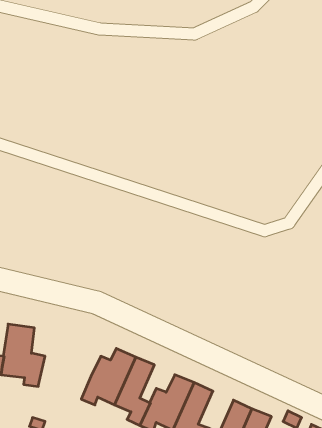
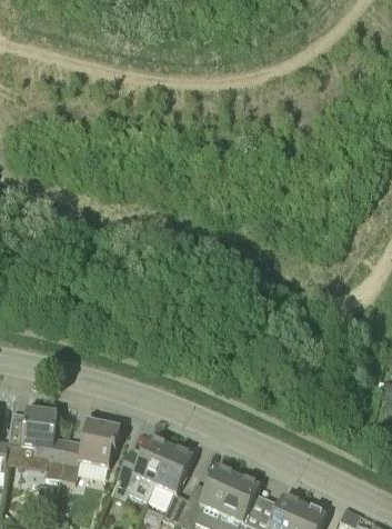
building: none -> [60,420,119,480]

